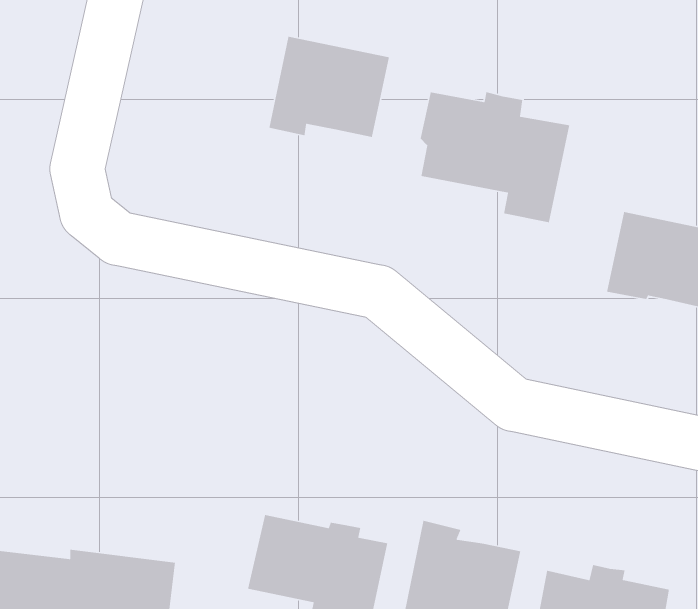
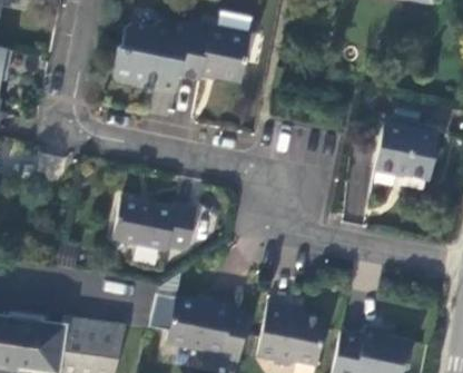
building: none -> [111,21,189,89]
building: [420,91,570,223] -> none
building: none -> [114,199,197,251]

